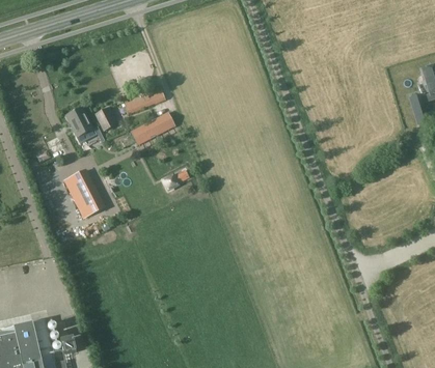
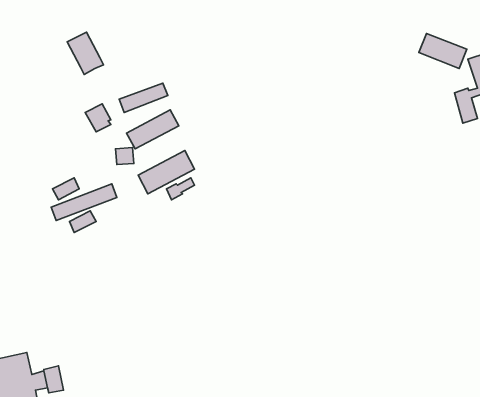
building: none -> [419,33,467,68]
building: [64,107,96,143] -> [67,32,103,75]
building: none -> [138,151,194,194]

